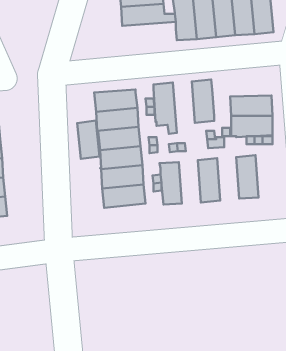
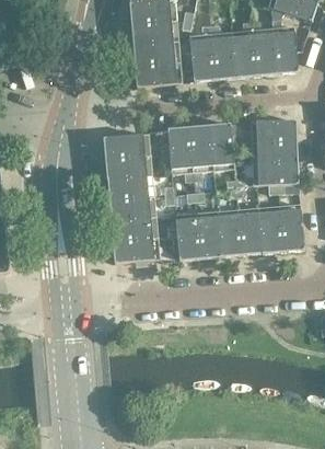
building: none -> [135,60,193,85]
building: none -> [252,119,297,141]
building: none -> [189,125,213,181]
building: [77,120,99,159] -> none
building: none -> [279,203,303,251]
building: none -> [237,207,262,254]
building: none -> [196,210,220,257]

